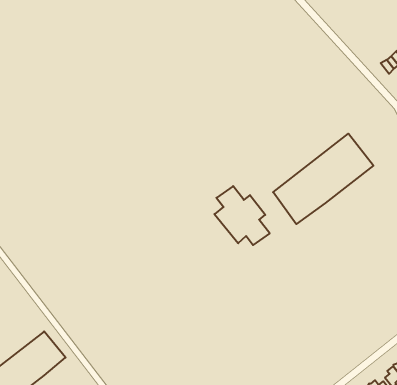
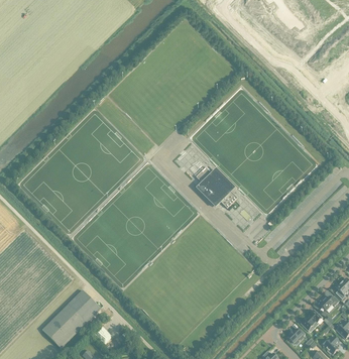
building: [273,134,373,224] -> none

